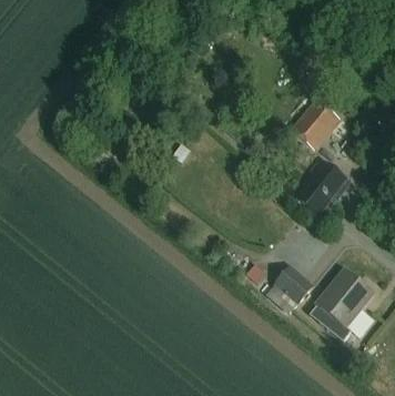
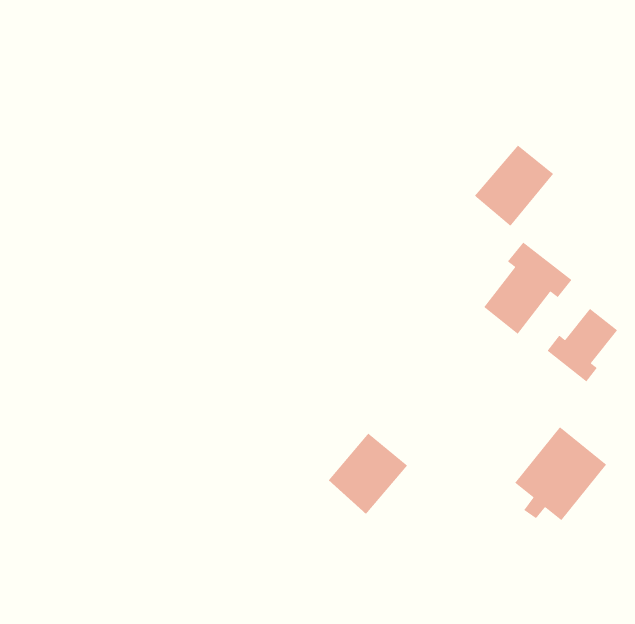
building: none -> [547,308,618,382]
building: [266,264,315,314] -> [328,433,408,515]

